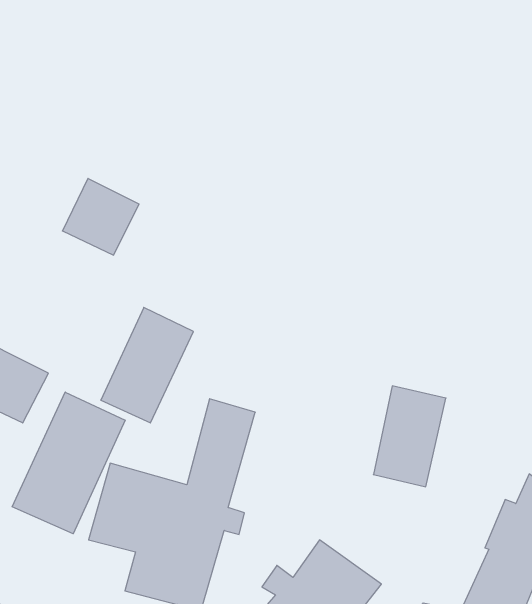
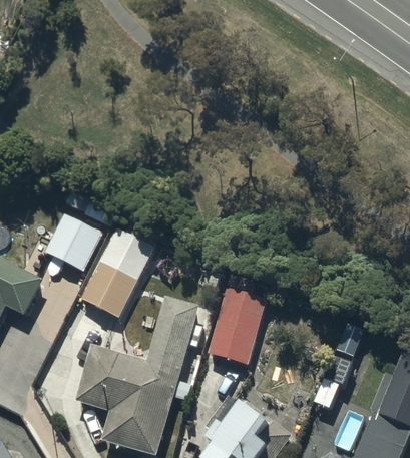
building: [62,178,139,255] -> [43,213,100,271]
building: [373,386,446,487] -> [208,289,262,364]
building: [12,392,125,534] -> none

